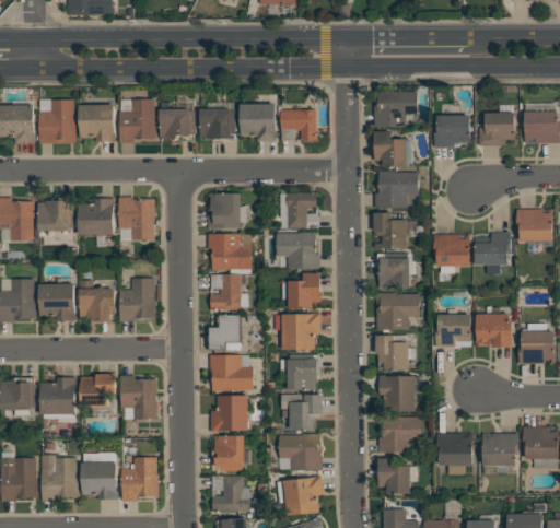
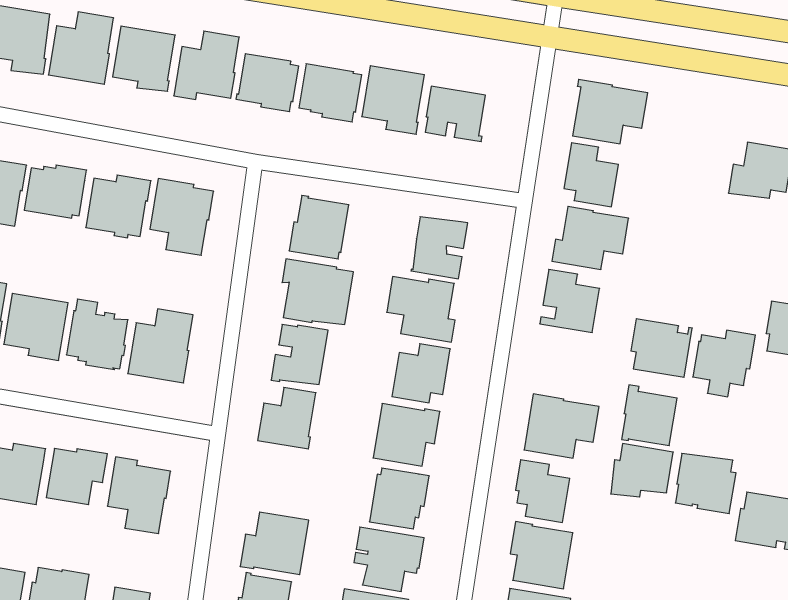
building: [434,116,469,148] -> none
building: [377,255,409,290] -> [622,385,677,446]
building: [209,355,253,391] -> none

